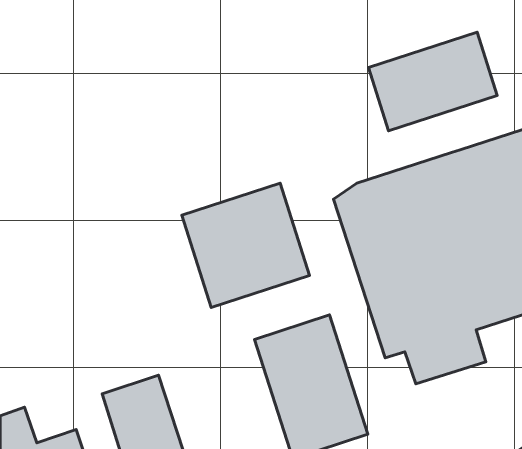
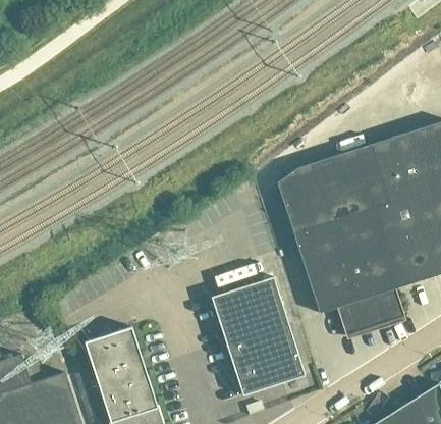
building: [368,32,497,131] -> none
building: [182,183,310,307] -> none

